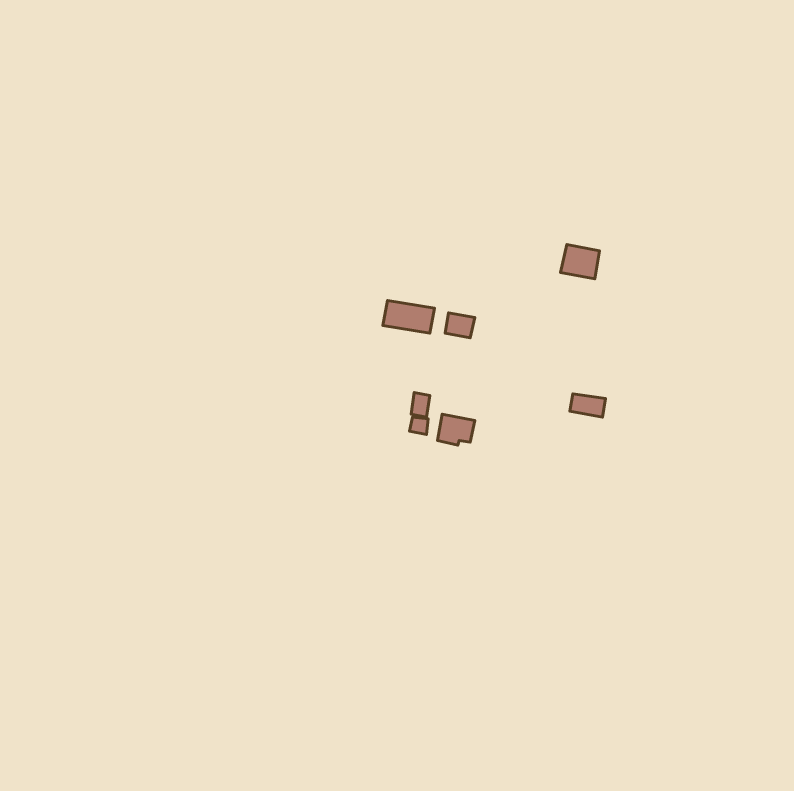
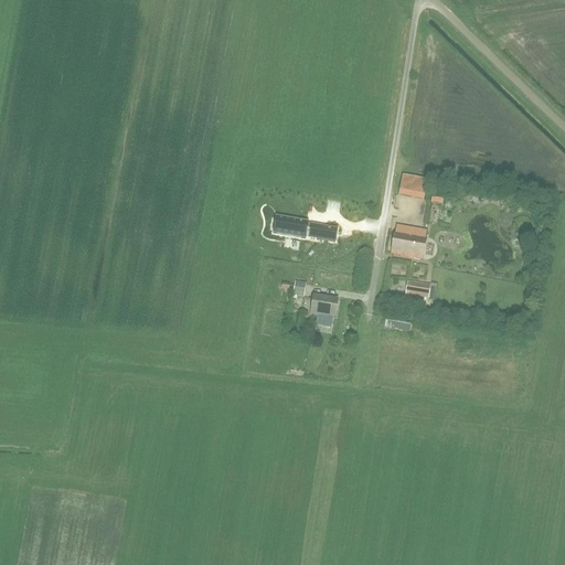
building: none -> [390,228,425,256]

